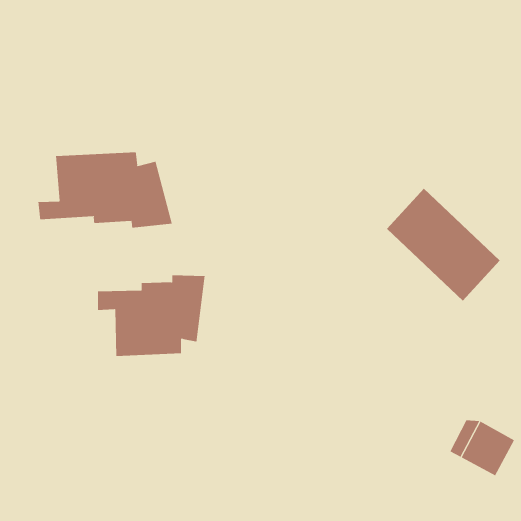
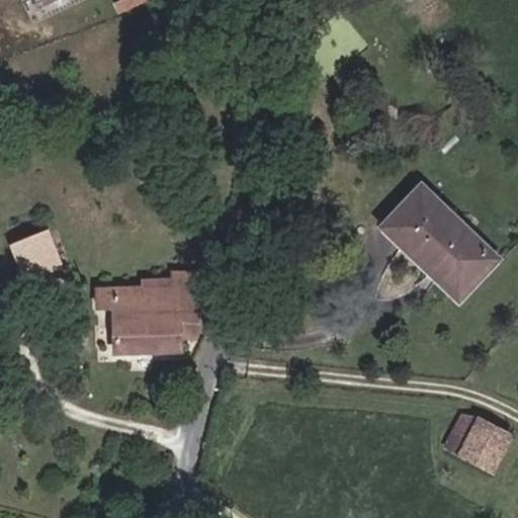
building: [38,152,172,229] -> none
building: none -> [9,230,63,282]

